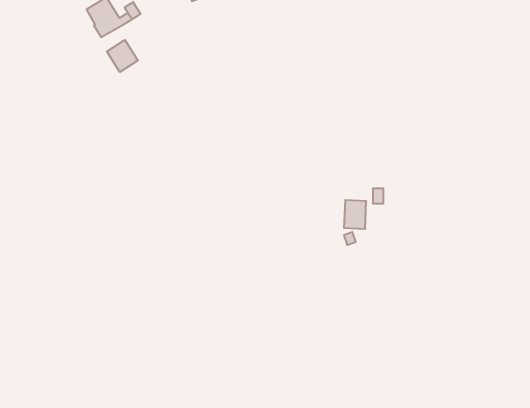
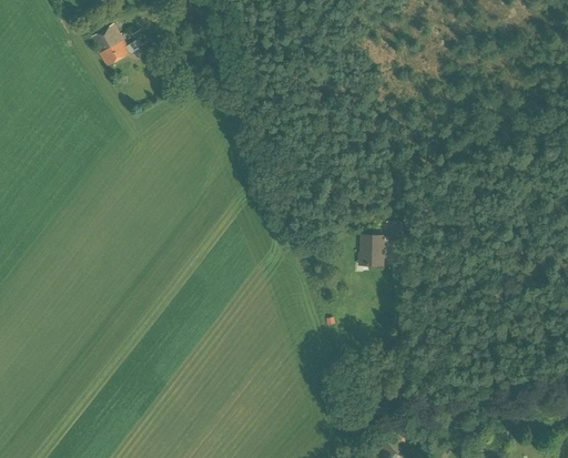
building: [107,40,138,72] -> none

